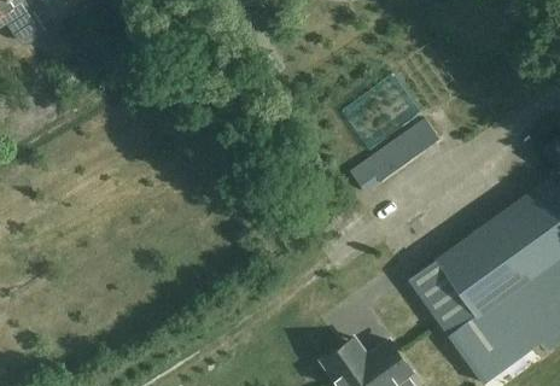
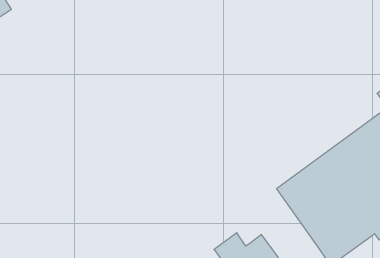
building: [350,118,438,192] -> none

